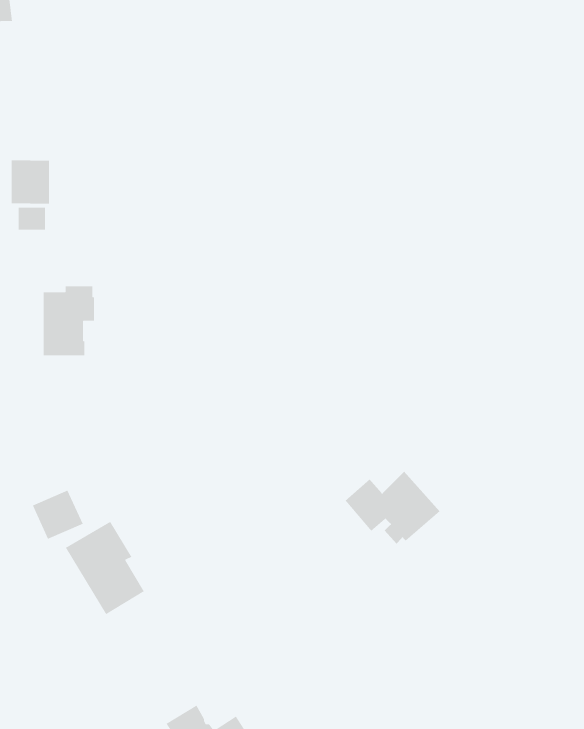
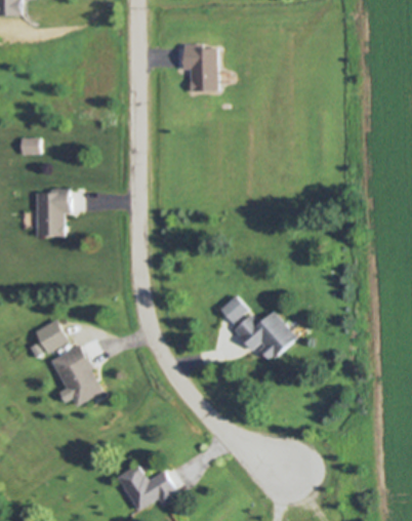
building: none -> [181,45,216,93]
building: [11,159,50,205] -> none
building: none -> [220,295,248,323]

